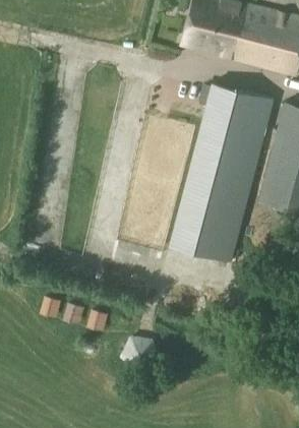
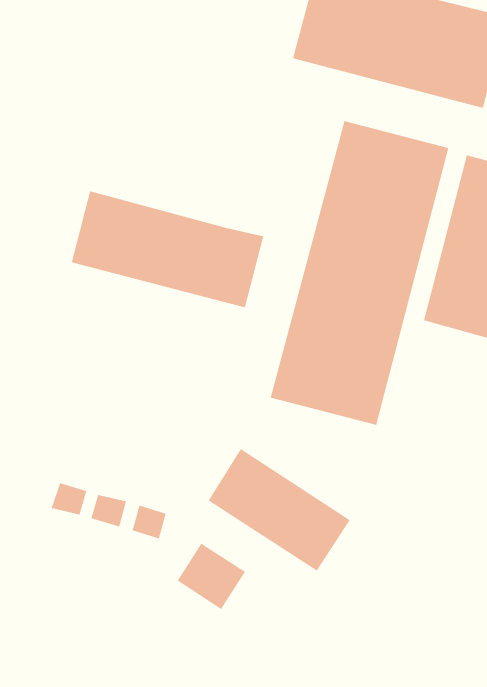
building: none -> [71,190,264,308]
building: none -> [208,448,351,572]

